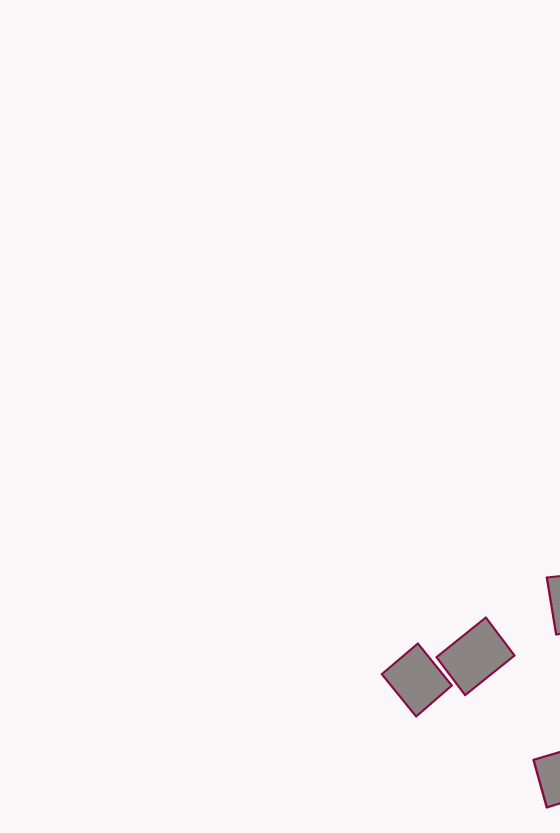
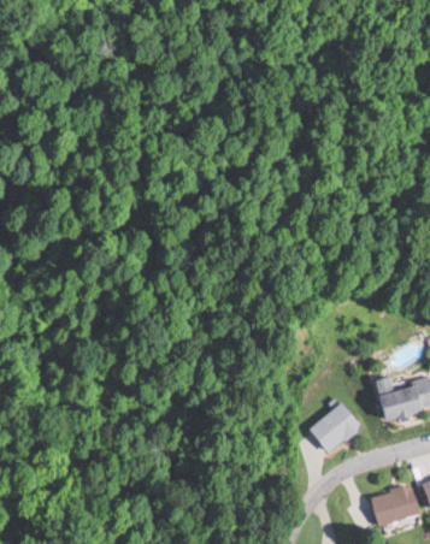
building: [382,643,452,716] -> none

